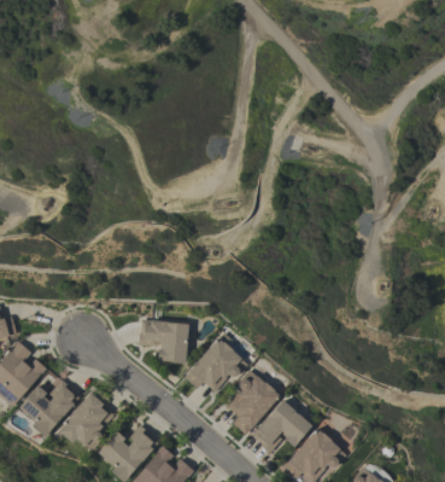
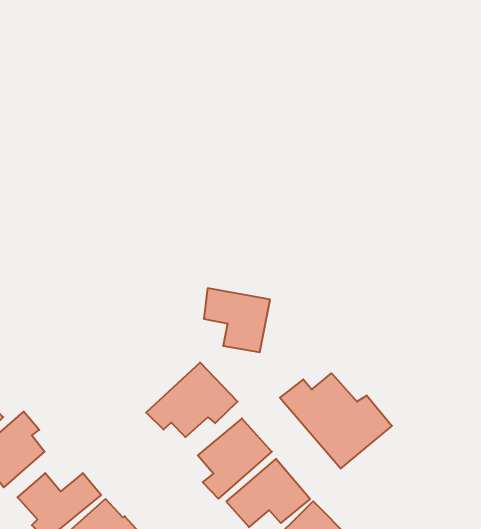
building: [141,321,188,364] -> [204,288,270,352]
building: none -> [280,373,392,469]

